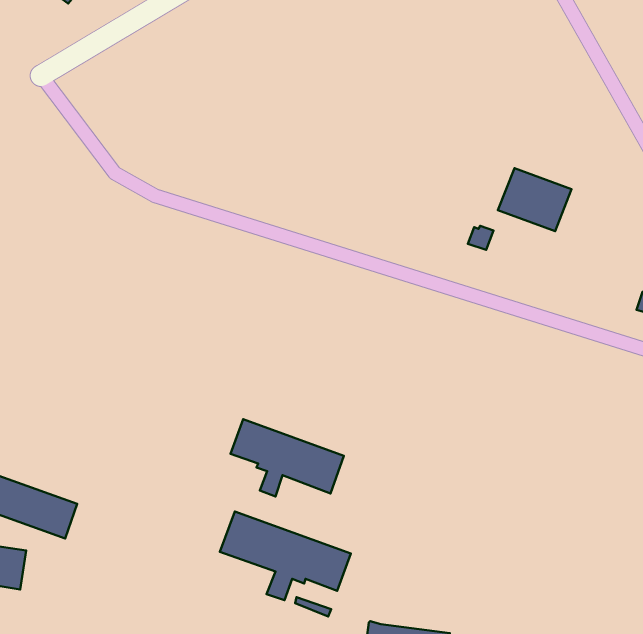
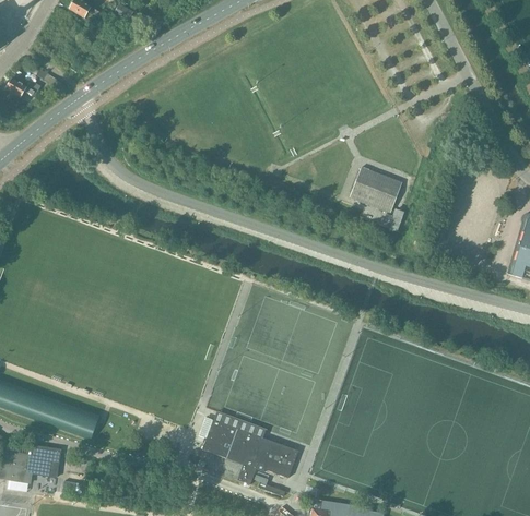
building: [498,168,572,231] -> [349,167,402,213]
building: [230,419,344,497] -> none

